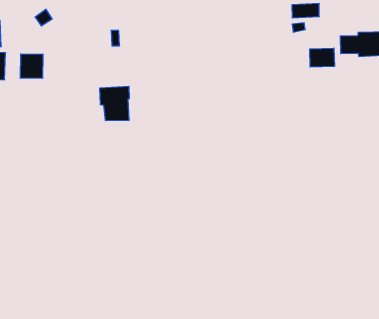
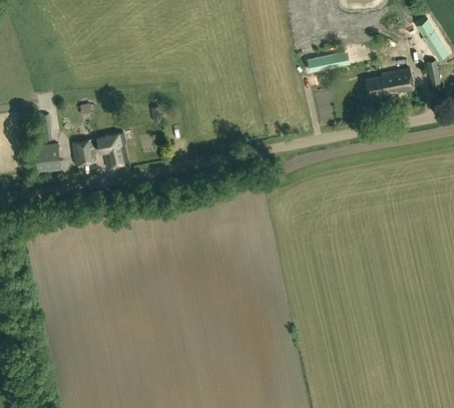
building: [310,48,334,67] -> none
building: [100,86,129,121] -> [96,131,128,166]

